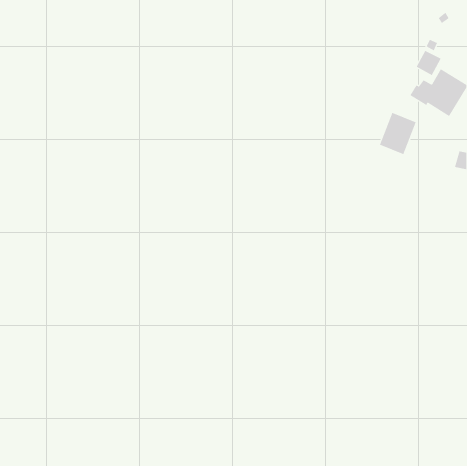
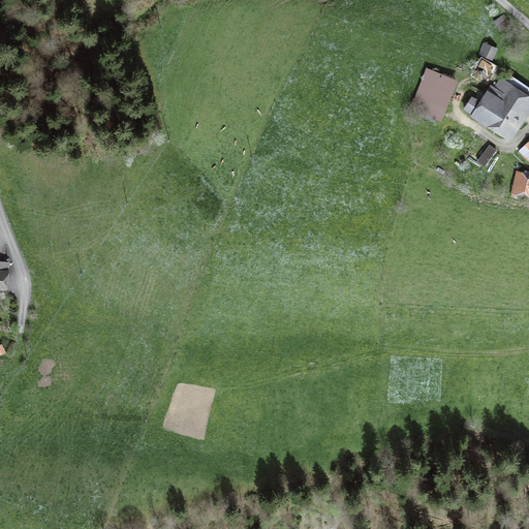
building: [379,112,417,155] -> [412,69,455,118]

